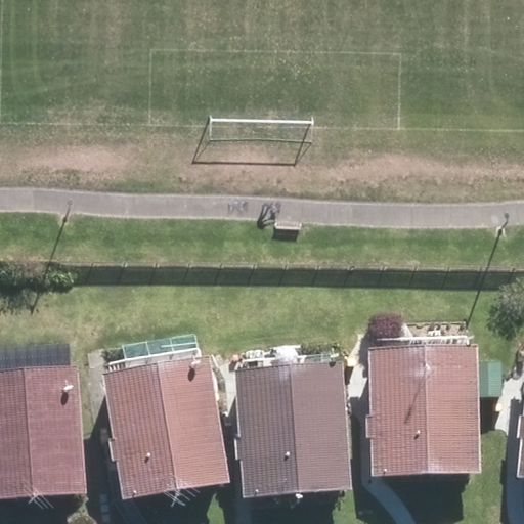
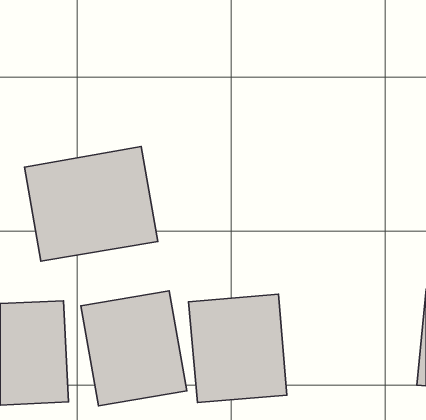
building: none -> [24,147,158,261]
building: [368,346,480,472] -> none

